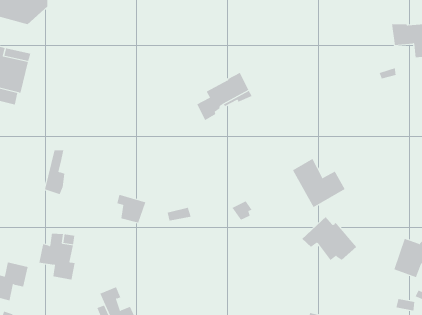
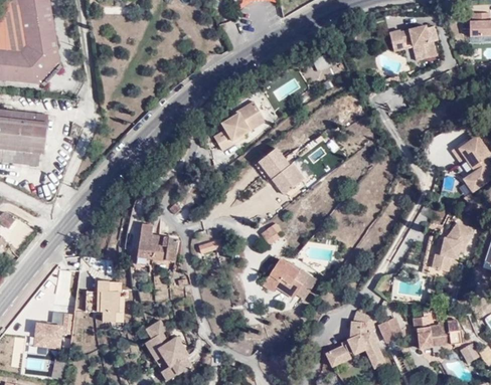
building: [44,150,65,195] -> [138,220,156,263]
building: [292,158,345,208] -> [259,149,312,196]
building: [302,216,357,261] -> [258,255,312,298]

